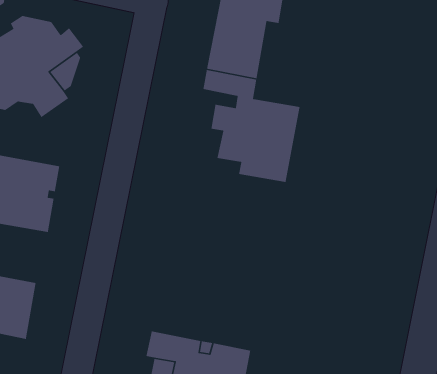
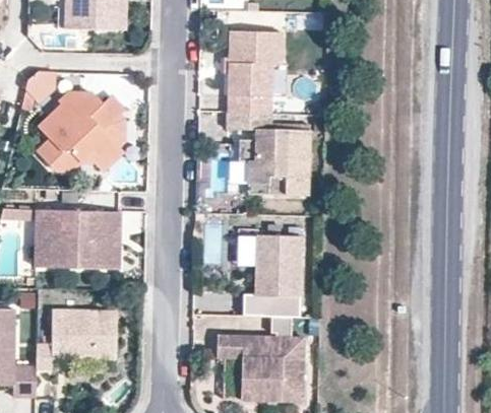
building: none -> [255,233,301,316]

